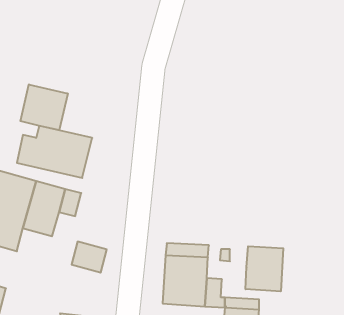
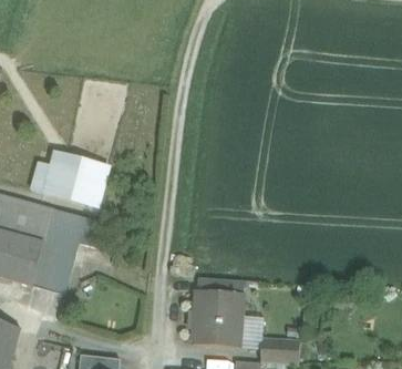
building: [20,84,68,130] -> none
building: [72,242,107,273] -> [32,260,71,295]
building: [246,246,283,291] -> none

